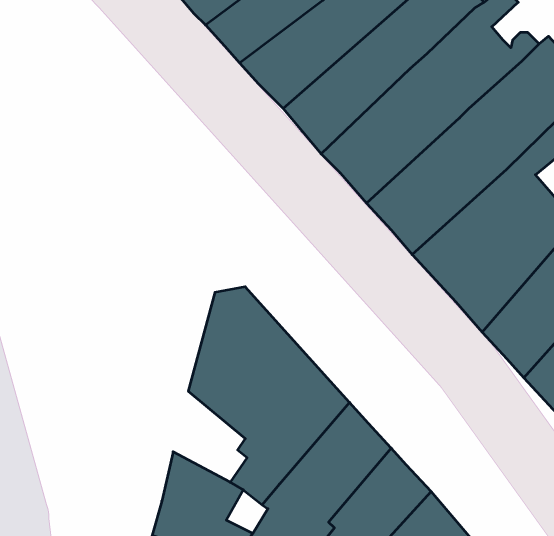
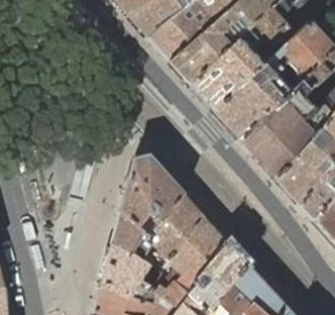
building: none -> [110,209,149,257]

